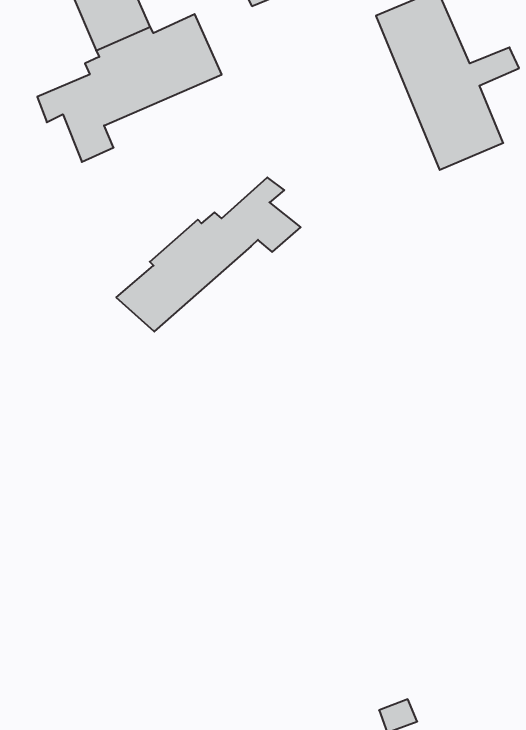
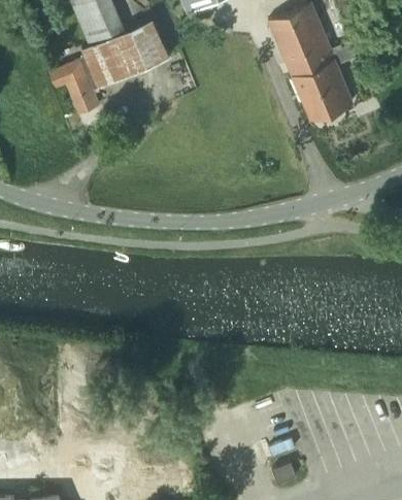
building: [116,177,301,332] -> none

